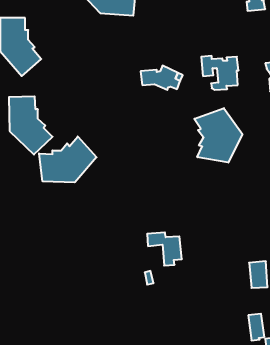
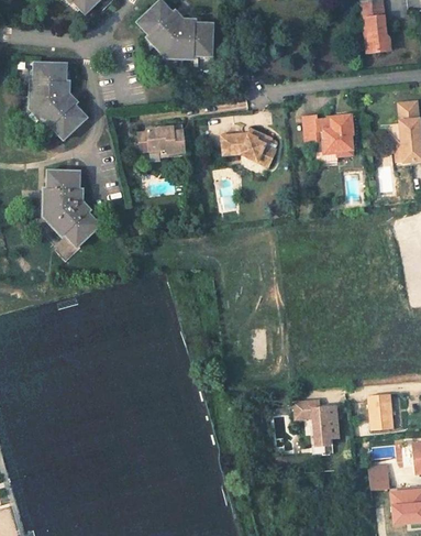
building: none -> [137,127,184,153]
building: [194,108,242,163] -> none
building: [39,136,97,182] -> none
building: [147,232,182,266] -> [289,401,336,446]

